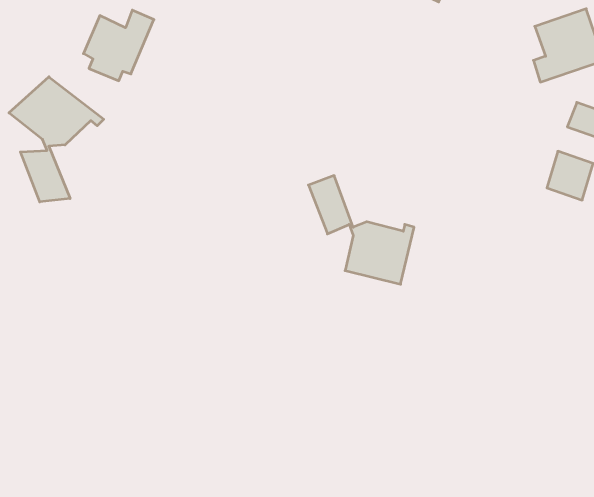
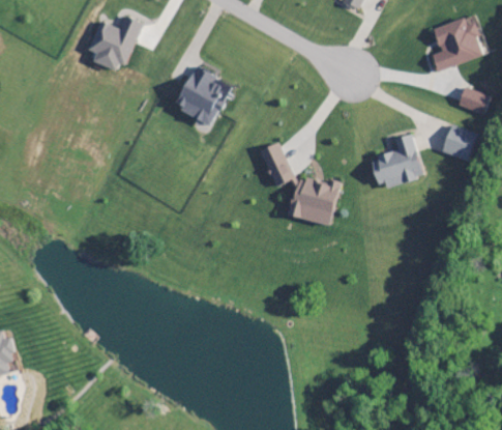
building: none -> [173,65,230,124]
building: [9,77,104,202] -> none
building: none -> [370,133,421,188]

